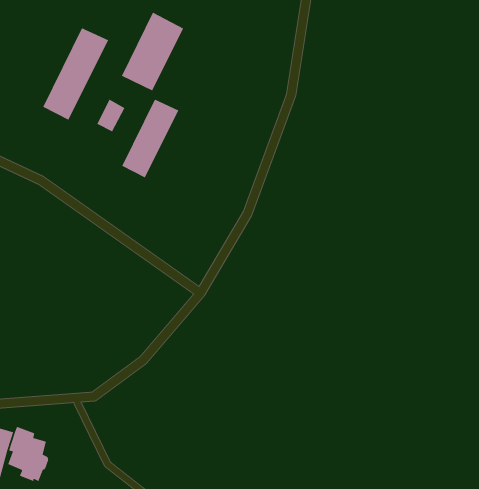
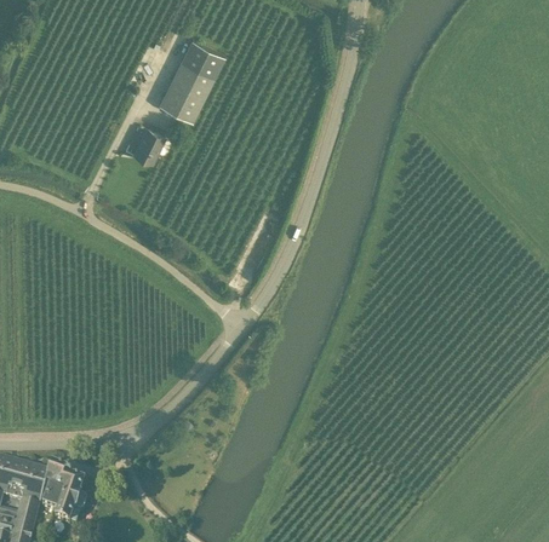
building: [42,27,109,121] -> none
building: [121,99,180,179] -> none

